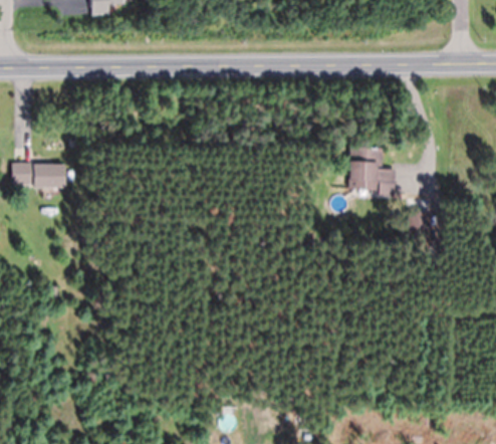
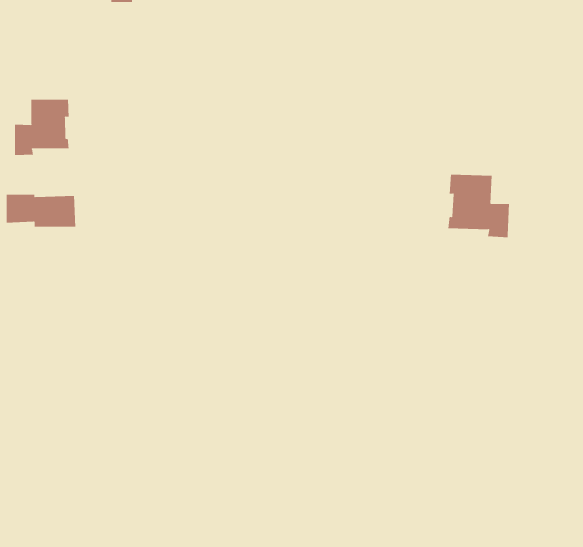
building: none -> [14,99,69,156]

